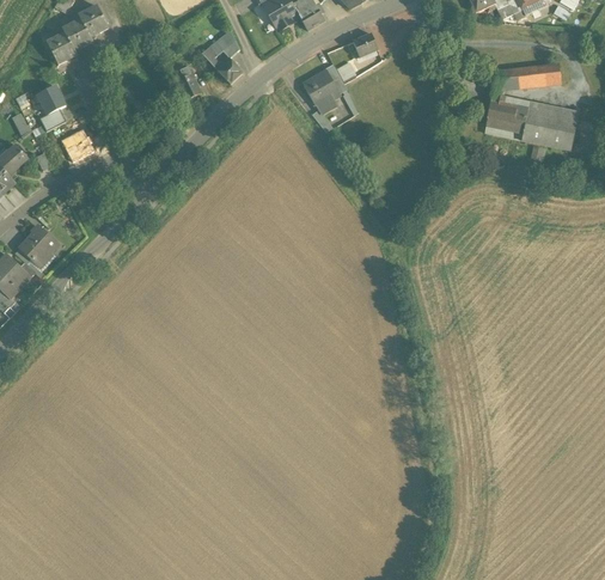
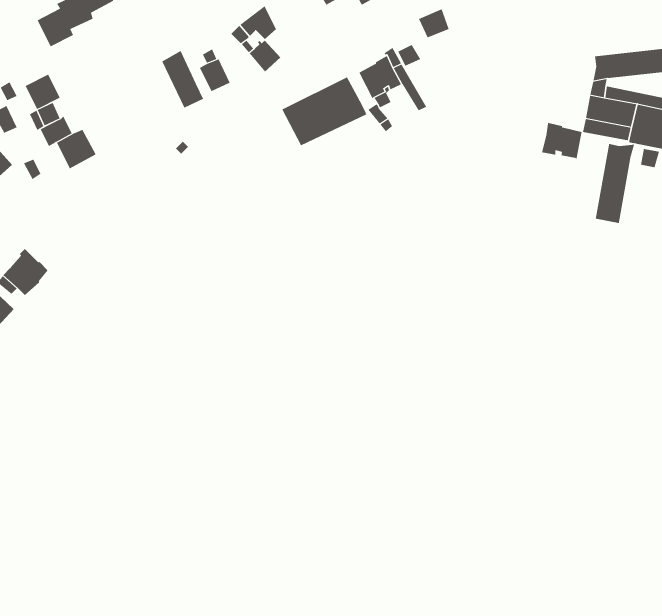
building: none -> [161,50,204,109]
building: none -> [281,76,367,146]
building: none -> [542,121,582,160]
building: none -> [595,143,635,224]

